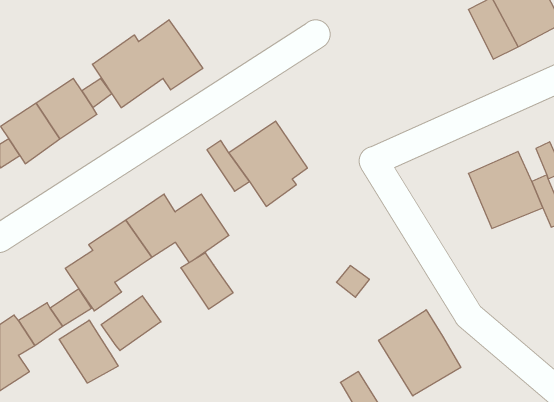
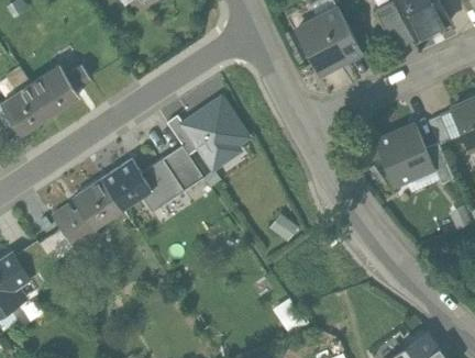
building: none -> [297,7,362,74]
building: [92,20,203,108] -> none
building: [181,253,233,309] -> [162,145,203,190]
building: [101,296,161,351] -> none
building: [379,310,461,396] -> none
building: [59,320,118,383] -> none

